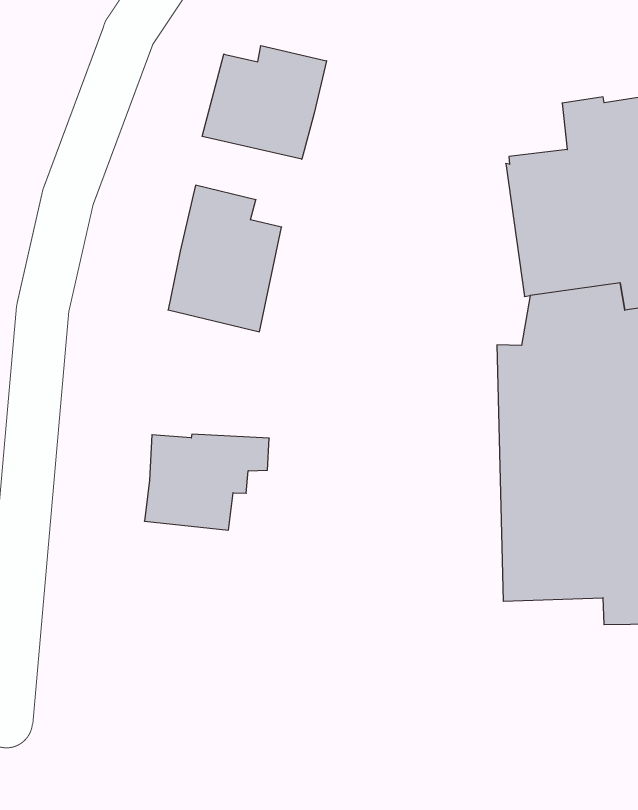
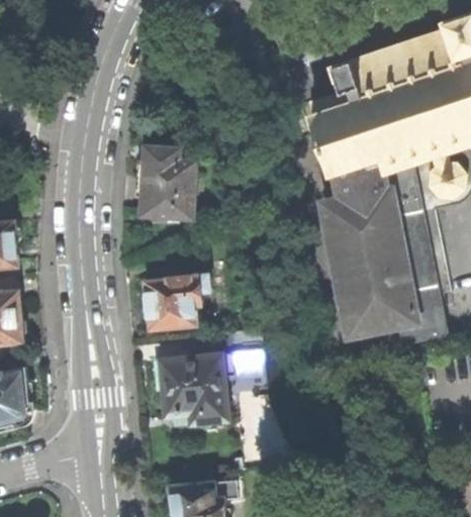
building: [202,46,326,159] -> none
building: none -> [151,330,261,424]

